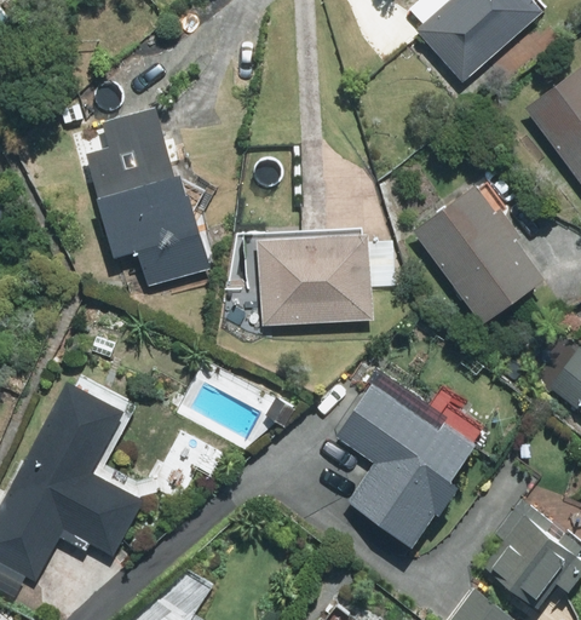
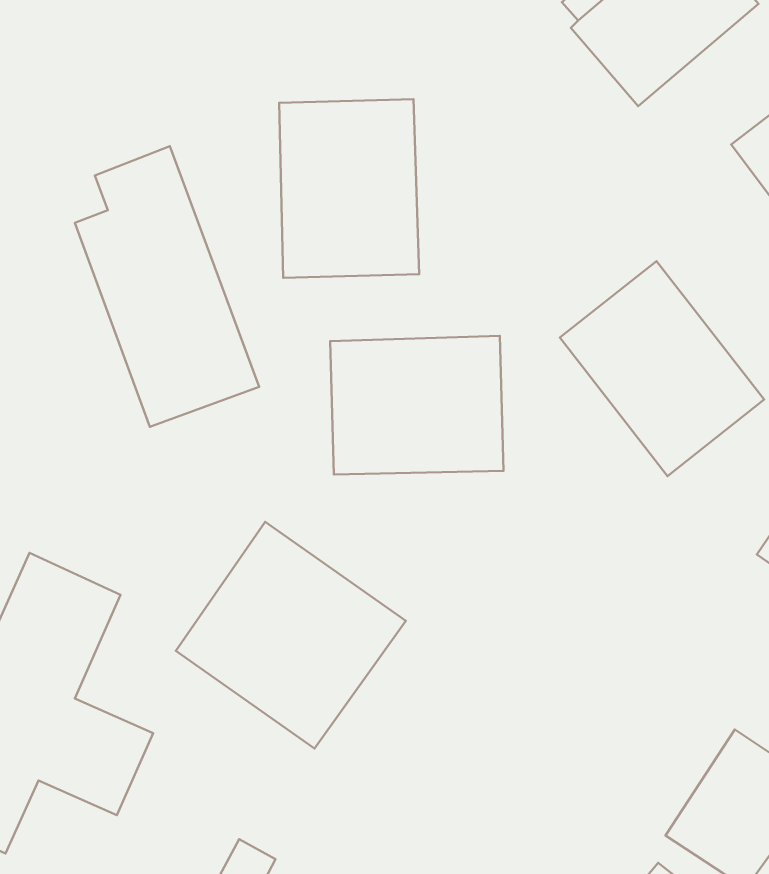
building: none -> [279,99,419,278]
building: none -> [176,522,406,749]
building: [335,379,478,545] -> none

